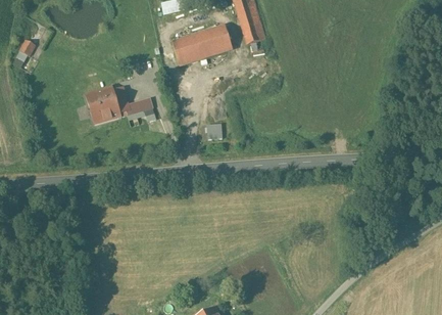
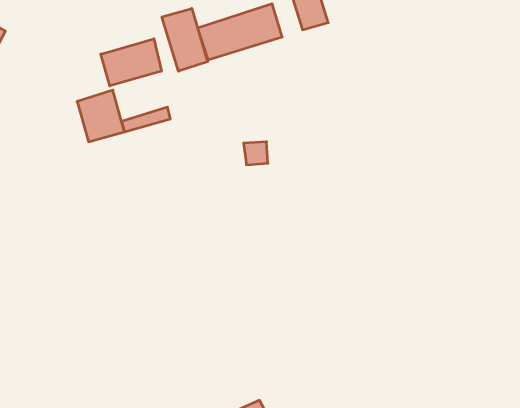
building: none -> [162,8,208,71]
building: none -> [101,39,161,86]

